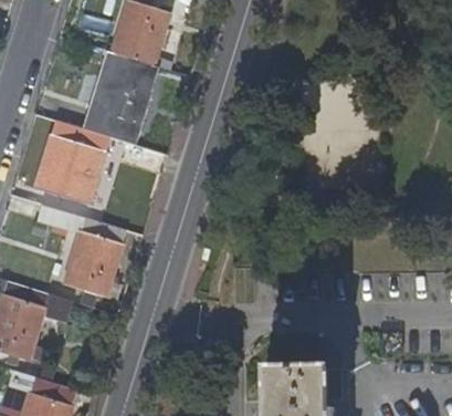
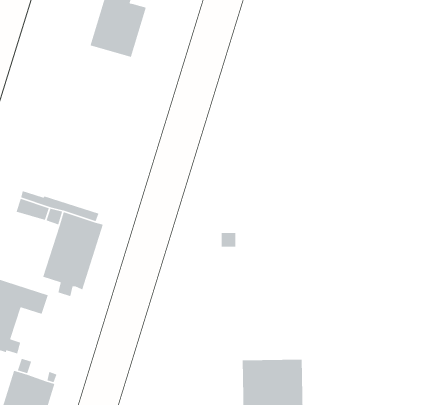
building: [92,51,154,131] -> none
building: [34,121,108,205] -> none

